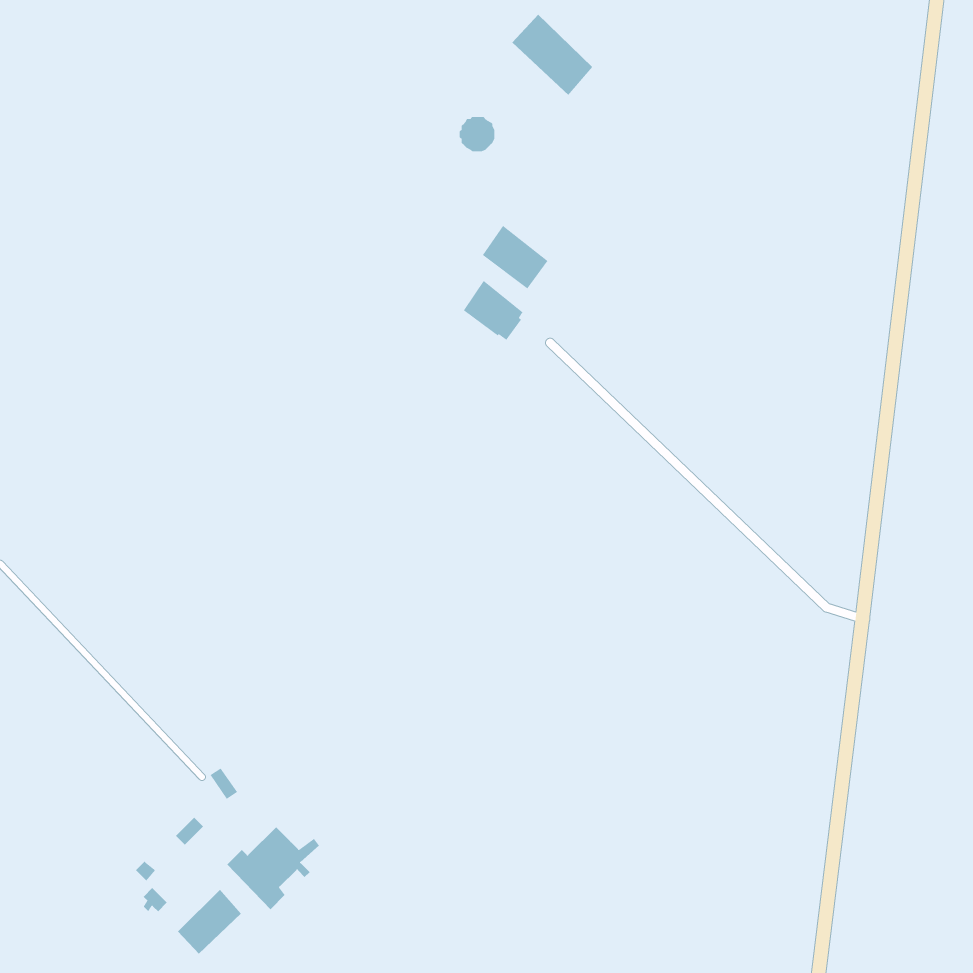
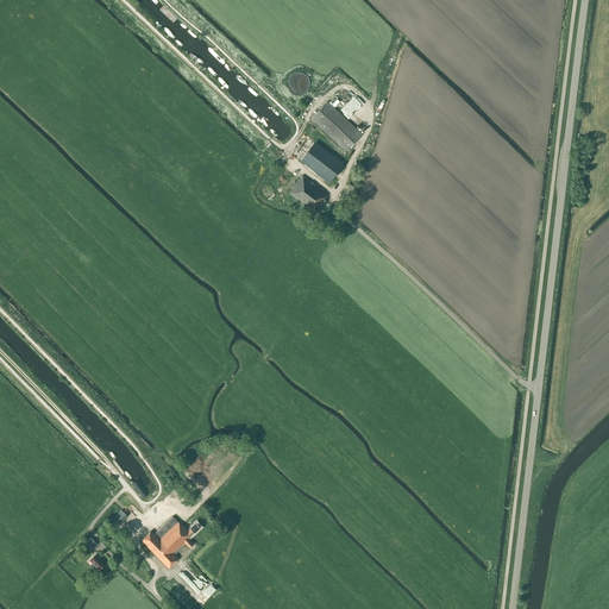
building: [511,14,593,96] -> [310,101,362,152]
building: [177,889,242,955] -> none

